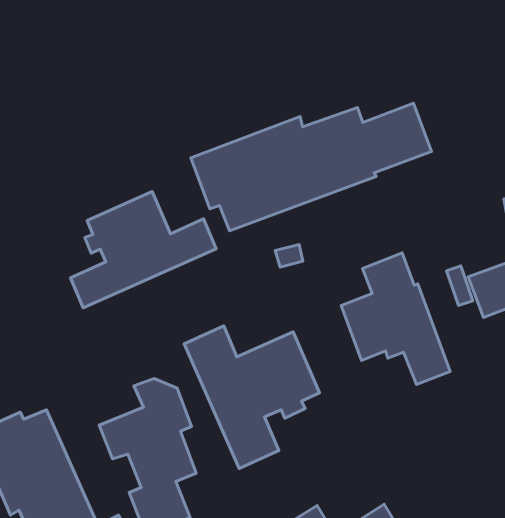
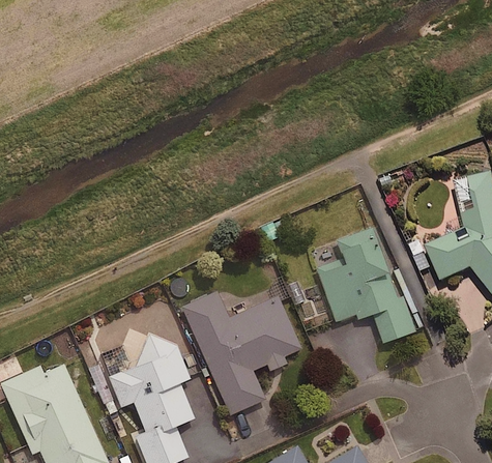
building: [191,103,432,231] -> none
building: [70,191,216,308] -> none

